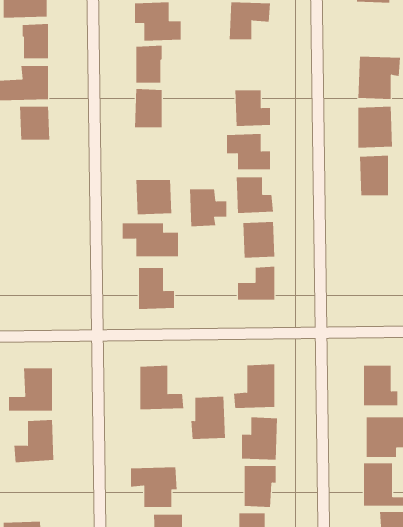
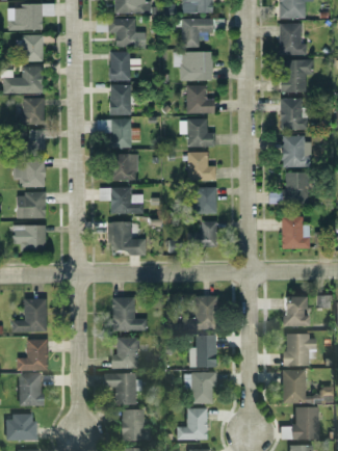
building: none -> [278,23,306,55]
building: none -> [173,51,212,81]
building: none -> [23,130,44,154]
building: none -> [16,160,45,187]
building: [189,189,227,227] -> [110,118,139,148]
building: none -> [283,171,308,202]
building: none -> [16,193,45,218]
building: none -> [281,215,309,249]
building: none -> [12,224,45,251]
building: [190,396,226,440] -> [112,337,139,370]
building: none -> [20,374,44,407]

